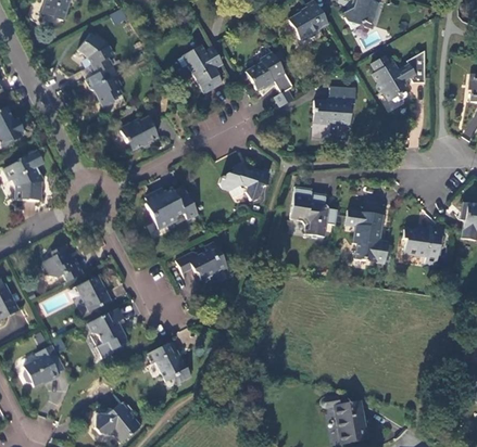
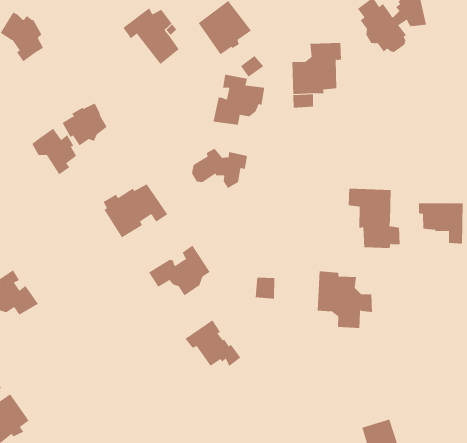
building: [86,69,122,108] -> [31,128,77,175]
building: none -> [213,74,265,126]
building: [290,187,337,238] -> [317,271,373,328]
building: [77,276,110,311] -> none
building: [87,308,126,349] -> none
building: [147,342,191,382] -> [184,320,241,367]

